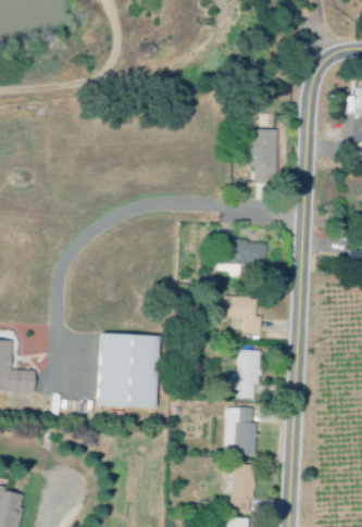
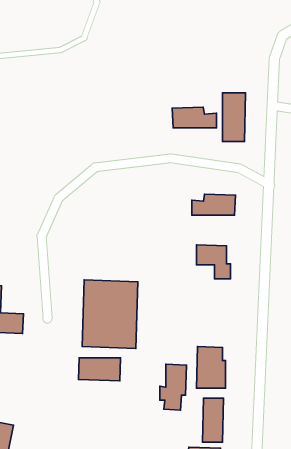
building: none -> [172,107,216,128]
building: [230,349,260,399] -> [160,364,187,410]
building: none -> [78,358,120,381]

